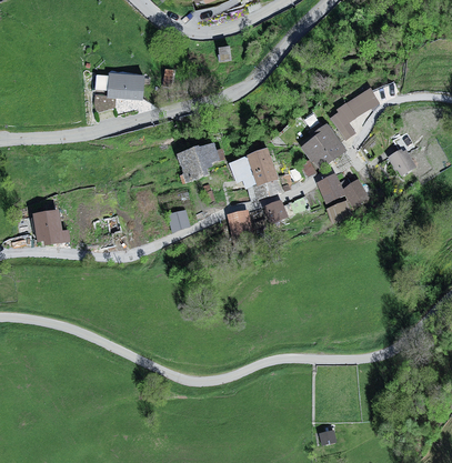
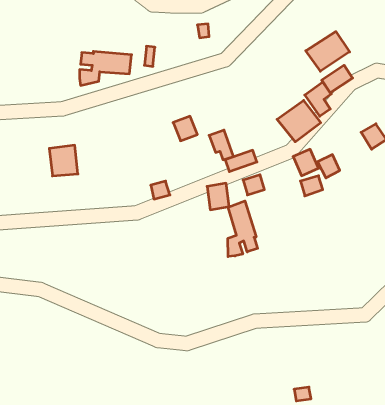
building: none -> [306,32,350,71]
building: [174,148,201,180] -> none
building: [247,148,277,183] -> none
building: [36,212,66,244] -> [49,145,78,176]
building: none -> [228,201,258,257]

